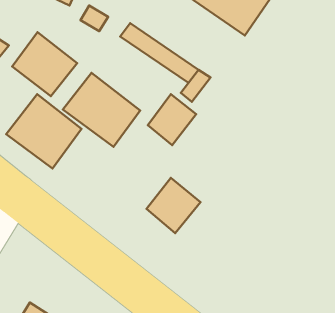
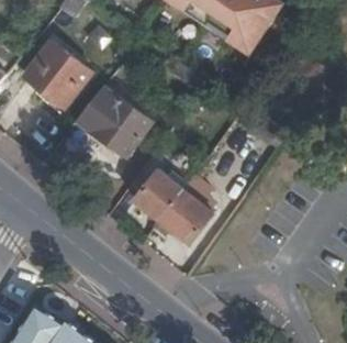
building: [6,94,81,169] -> none
building: [148,94,196,145] -> [130,168,178,219]

